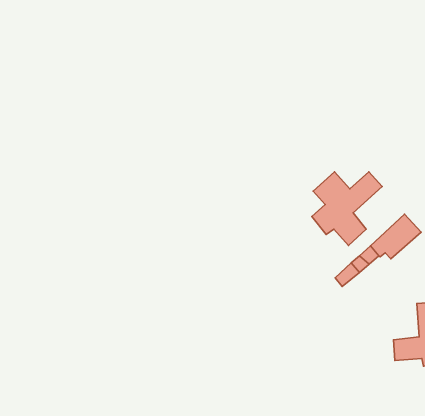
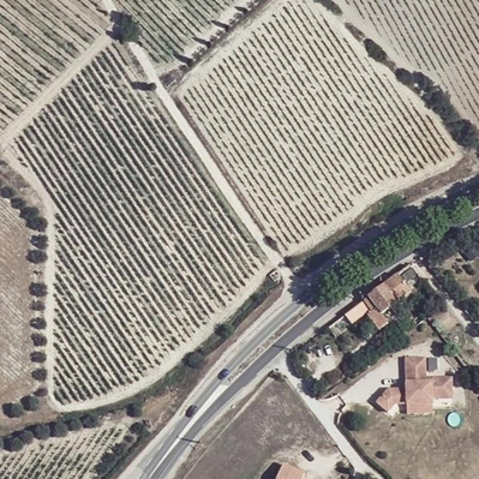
building: [312,172,382,245] -> none

